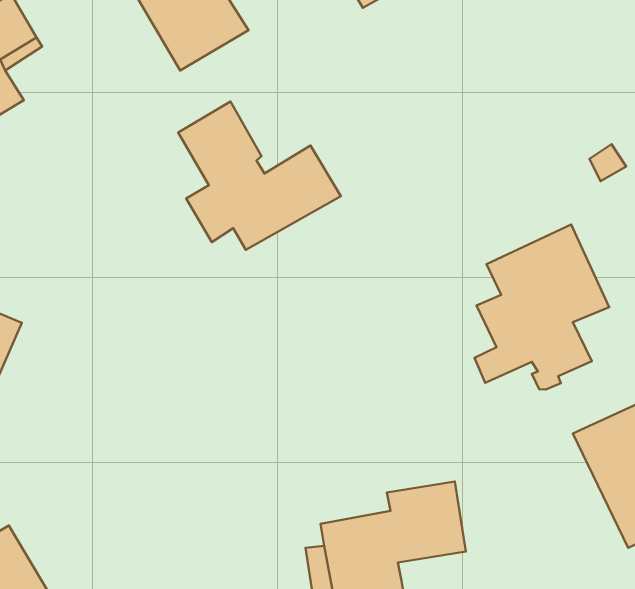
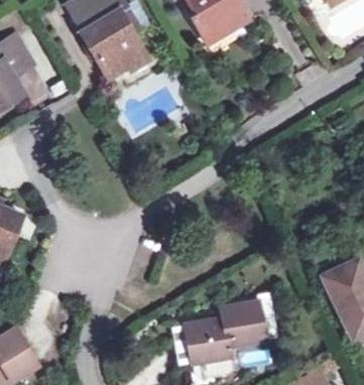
building: [178,101,341,250] -> none
building: [474,225,609,390] -> none

